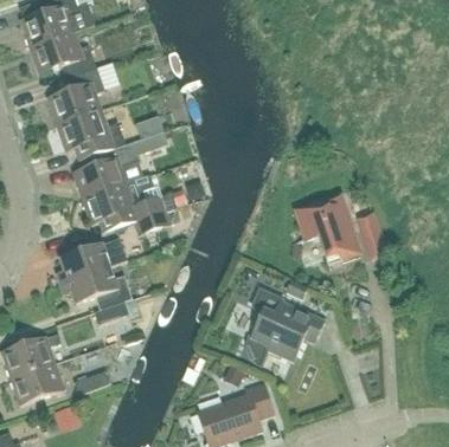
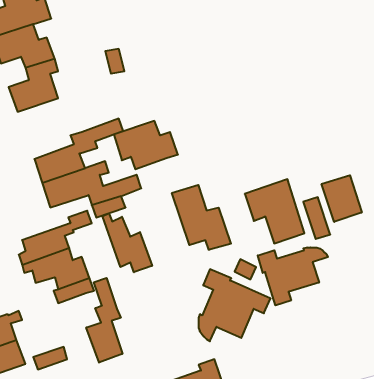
building: [57,109,124,160] -> [114,121,178,169]
building: none -> [322,175,362,222]
building: none -> [172,185,231,250]
building: none -> [102,213,152,272]
building: none -> [258,247,328,305]
building: none -> [86,278,122,363]

